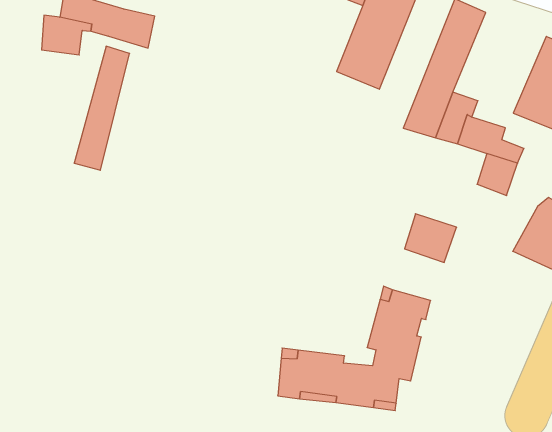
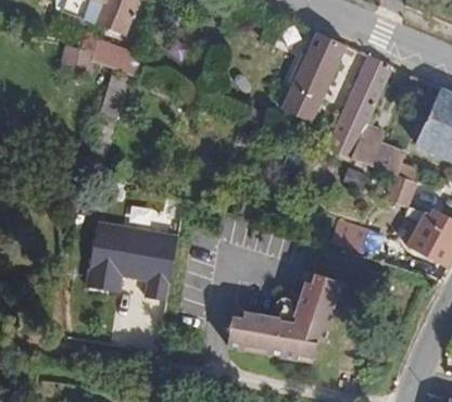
building: none -> [79,216,169,297]

